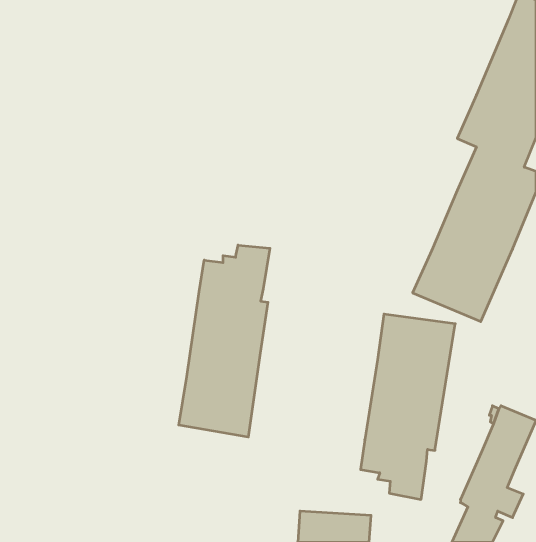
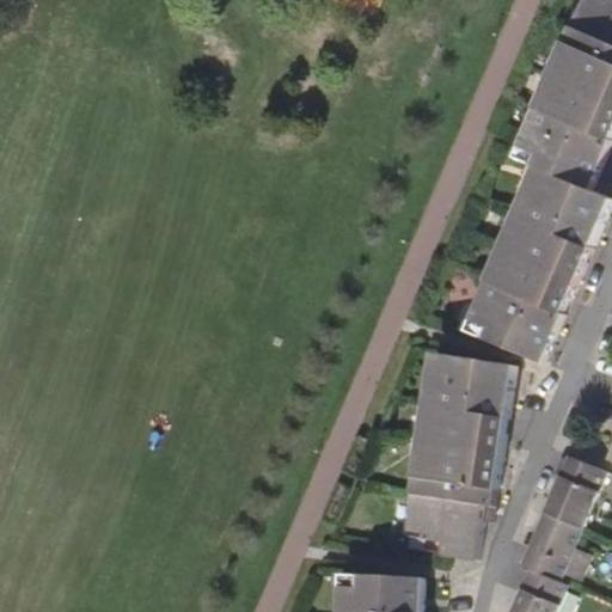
building: [179,245,270,437] -> none

